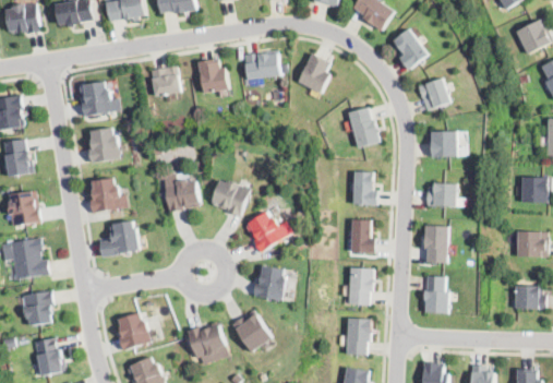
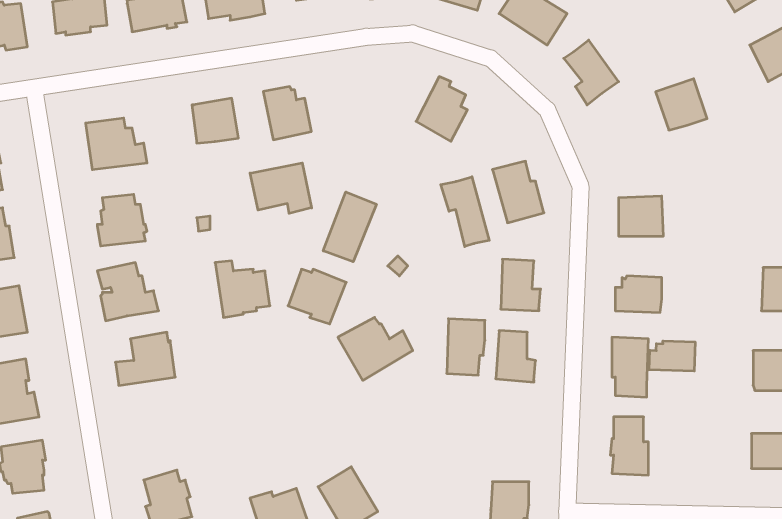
building: [241,52,279,80] -> none
building: [418,77,452,111] -> [656,79,707,130]
building: none -> [250,163,312,213]
building: none -> [441,177,489,247]
building: none -> [323,192,376,262]
building: none -> [649,341,695,371]
building: [253,263,286,299] -> none
building: [347,268,372,306] -> [447,319,485,375]

